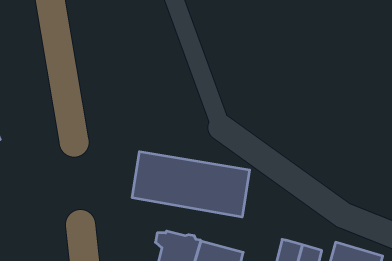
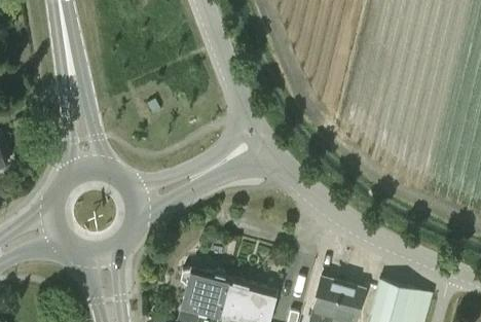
building: [132,152,250,217] -> none

